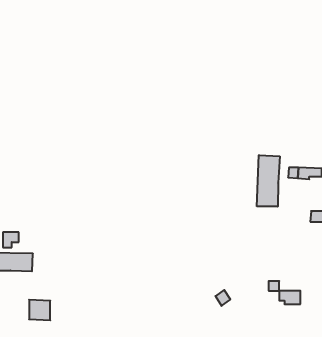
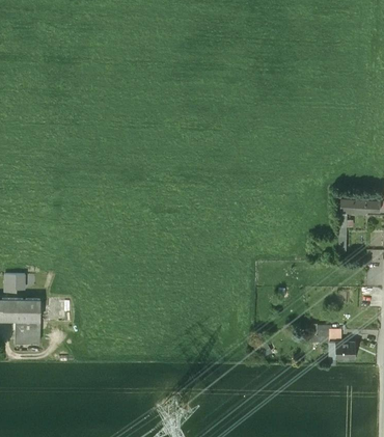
building: [257,155,280,207] -> none
building: [29,300,50,320] -> [16,320,40,344]

